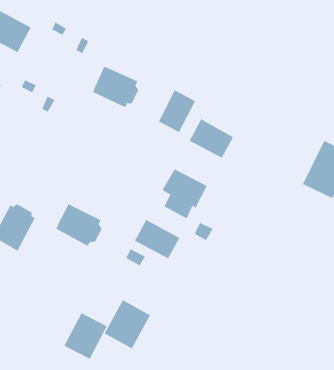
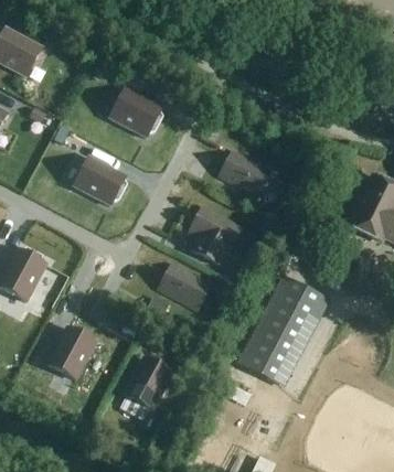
building: [158,89,196,133] -> none
building: [56,203,103,246] -> [74,154,127,203]
building: none -> [243,278,323,382]
building: [64,313,108,359] -> [46,325,96,378]

